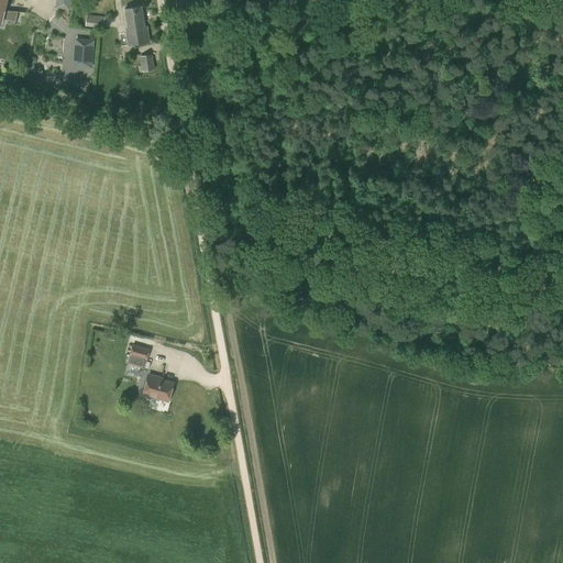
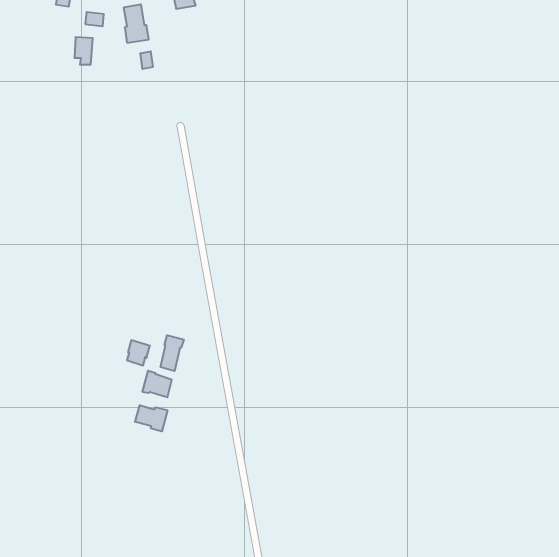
building: none -> [161,335,184,371]
building: none -> [135,405,167,431]

